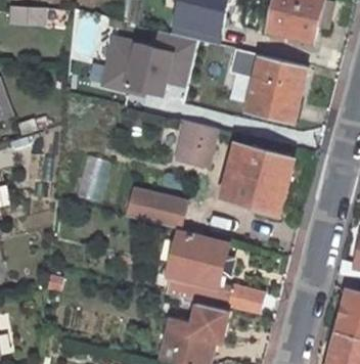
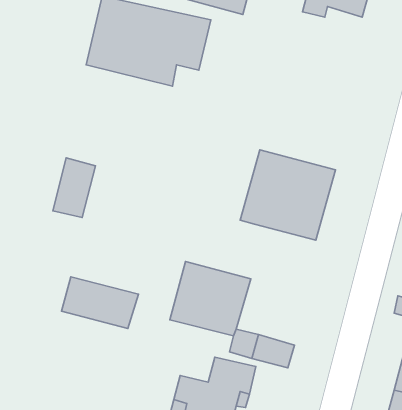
building: [232,52,309,121] -> none
building: [175,123,214,168] -> none
building: [128,190,187,230] -> [61,277,138,329]

